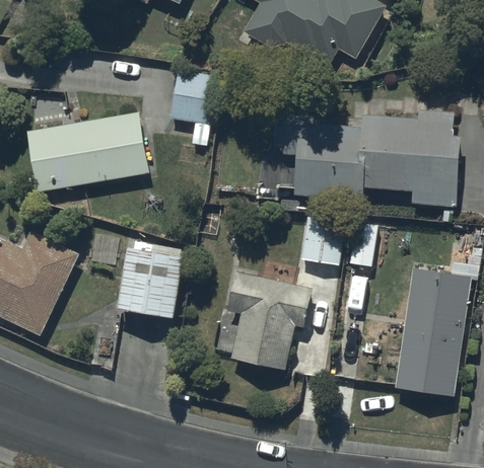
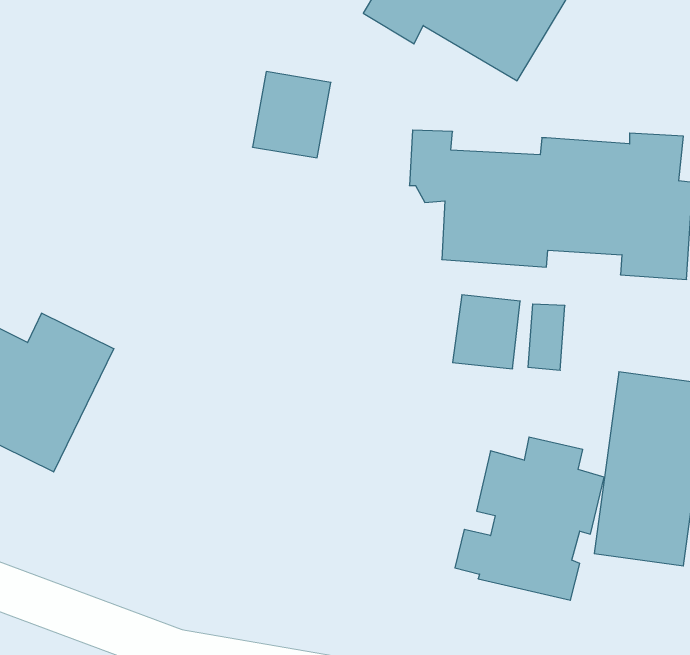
building: [27,111,148,191] -> none
building: [117,240,184,315] -> none
building: [213,262,312,370] -> [455,437,604,600]

